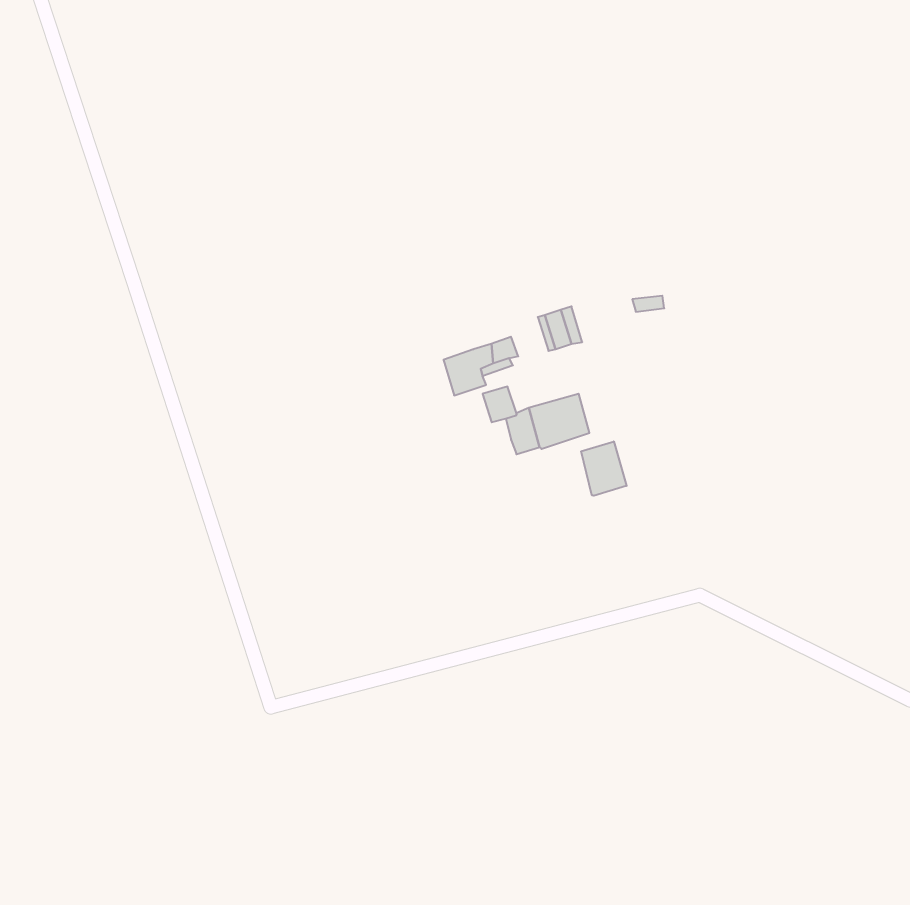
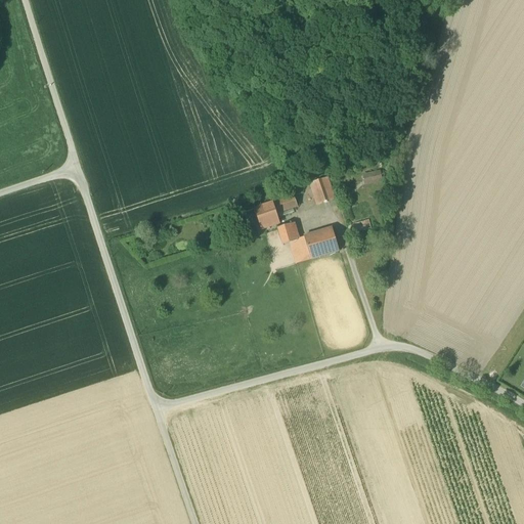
building: [581,441,627,496] -> none

